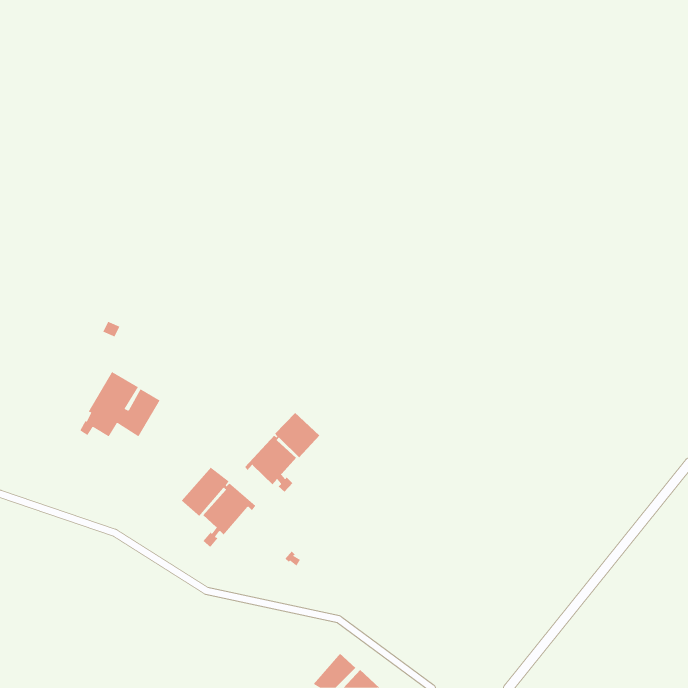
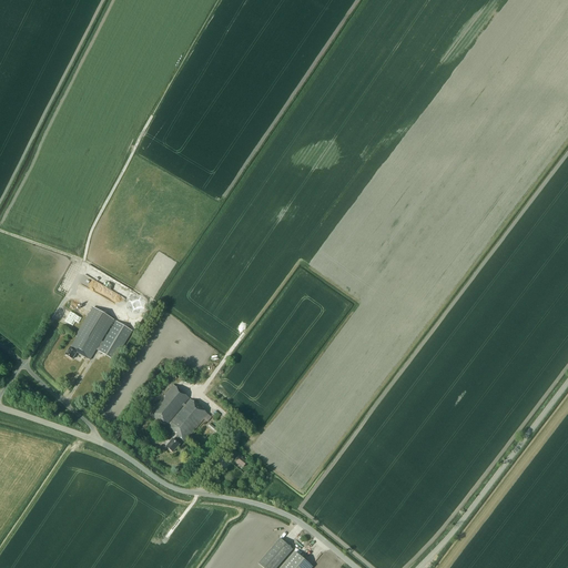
building: [244,412,320,493] -> none

